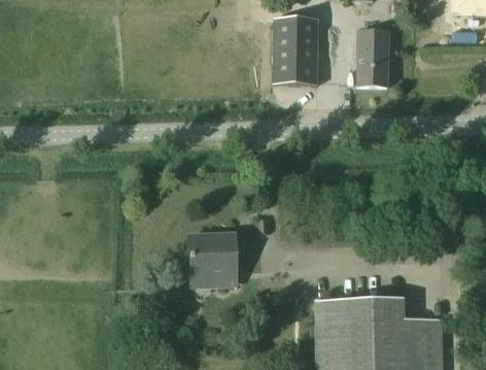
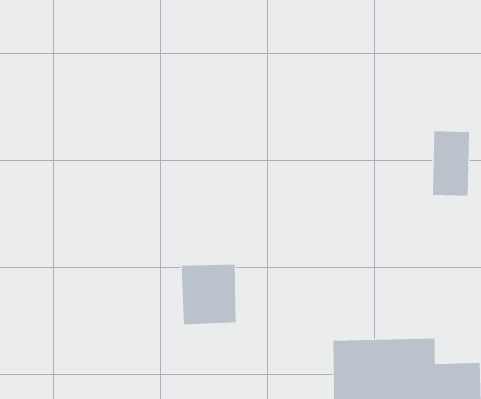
building: [271,18,318,86] -> none
building: [356,31,388,87] -> [432,131,470,196]

